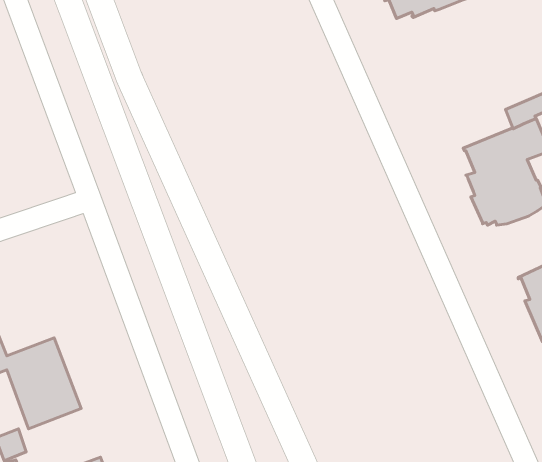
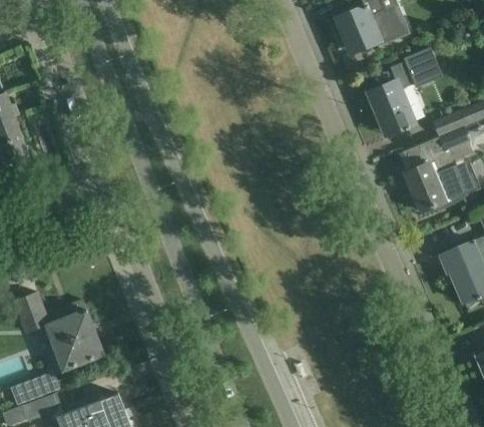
building: none -> [368,49,441,134]

